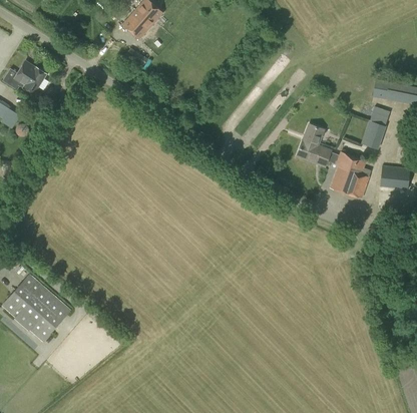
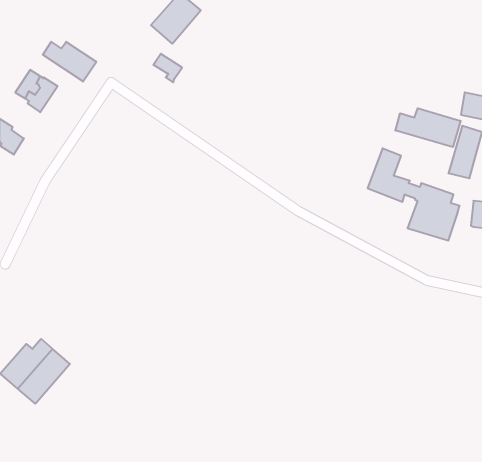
building: none -> [43,42,96,82]
building: none -> [395,108,461,147]
building: [29,297,71,342] -> none

